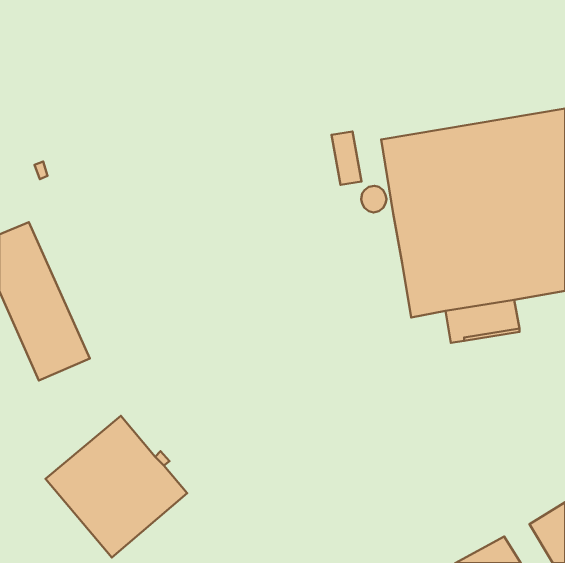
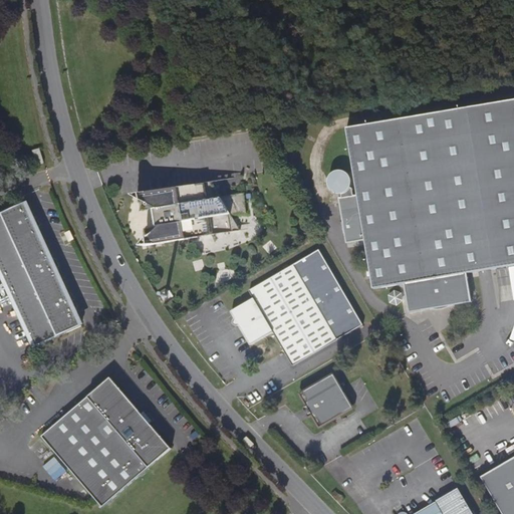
building: [332,132,361,185] -> [337,194,364,242]
building: none -> [138,180,240,244]
building: none -> [231,247,362,363]
building: none -> [299,372,352,426]

